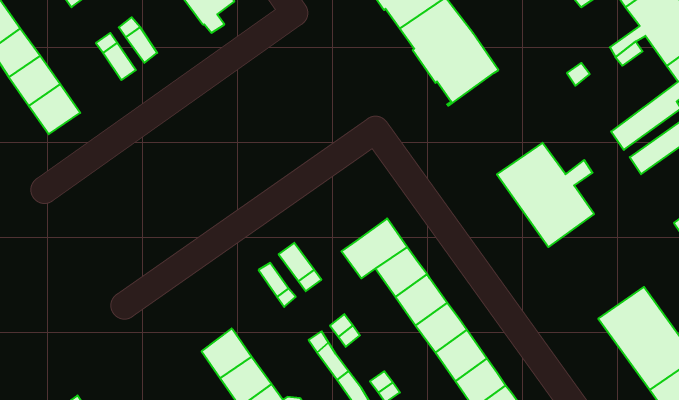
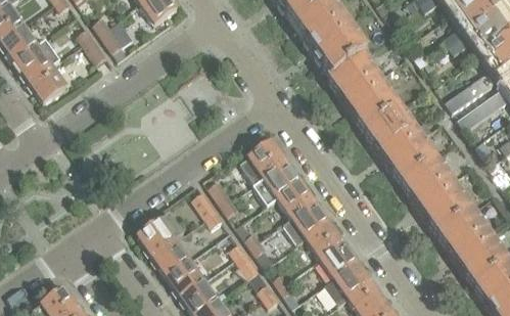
building: none -> [331,56,399,129]
building: none -> [249,139,287,177]
building: none -> [403,157,471,232]
building: none -> [140,211,187,256]

